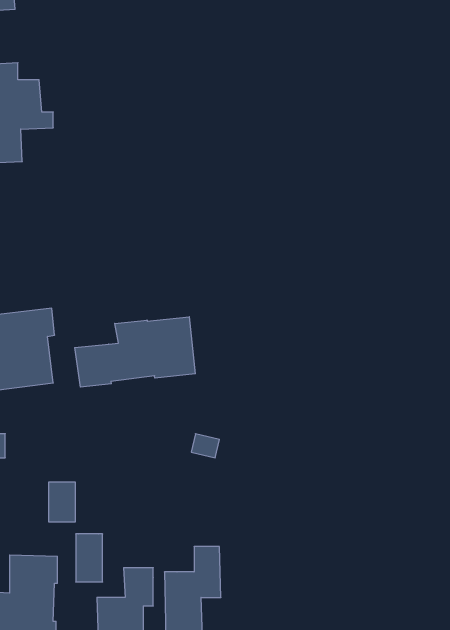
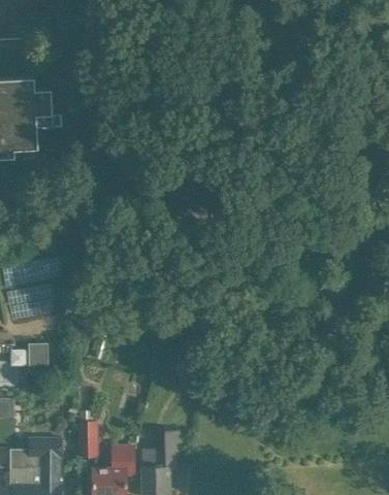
building: [75,317,195,387] -> none
building: [49,482,75,522] -> [28,343,47,372]

